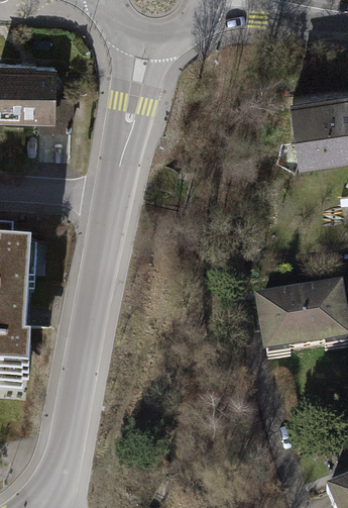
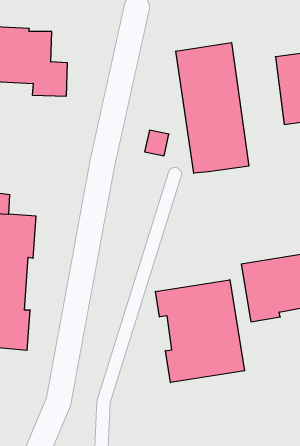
building: none -> [176,43,249,173]
building: none -> [156,280,245,383]

